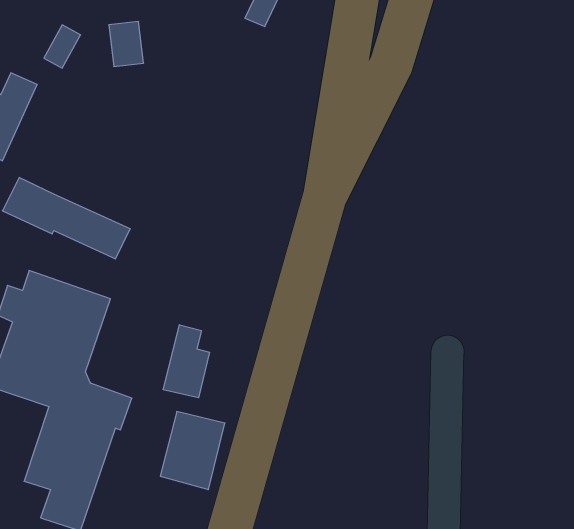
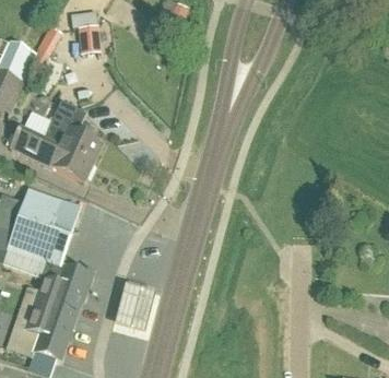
building: none -> [44,101,103,161]
building: [163,325,209,398] -> none

